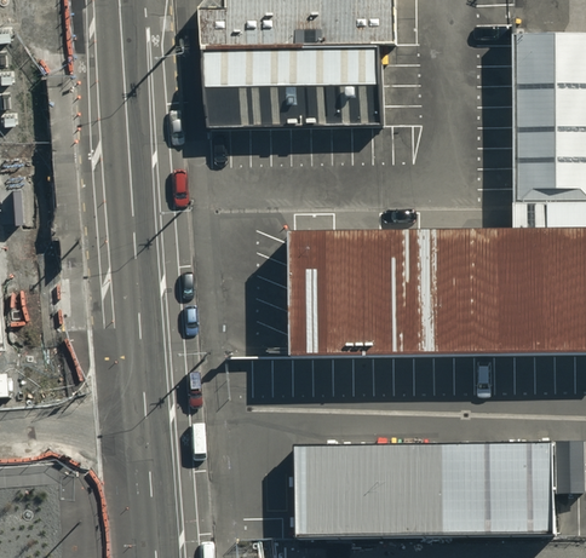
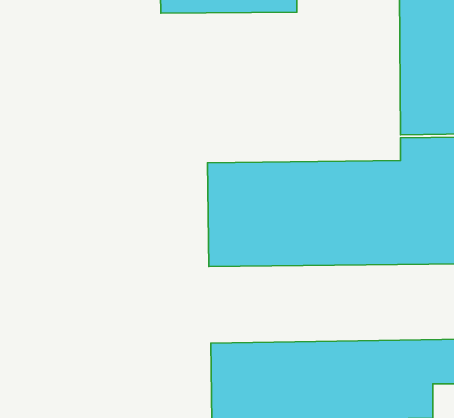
building: [208,64,380,142] -> none

